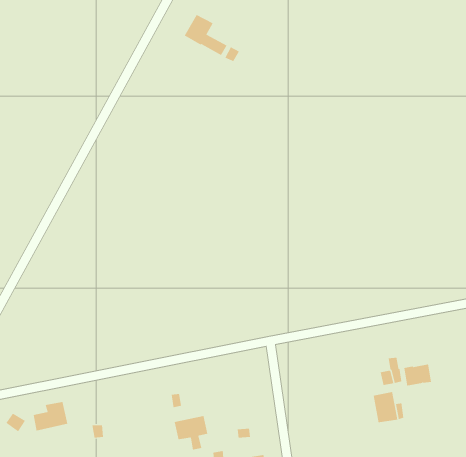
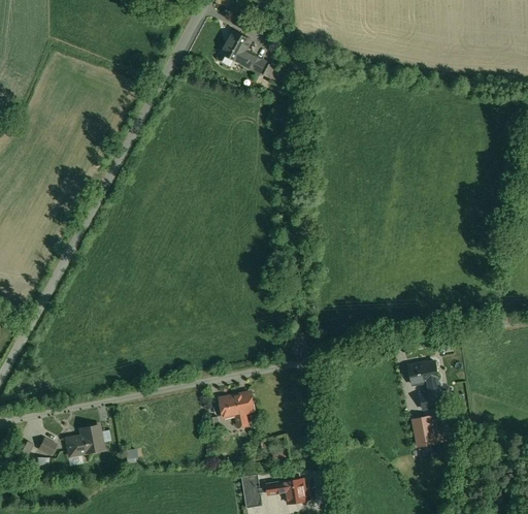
building: [403,364,432,386] -> [407,361,436,384]
building: [174,416,208,450] -> [218,392,253,427]

